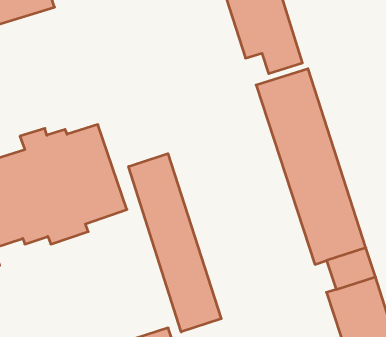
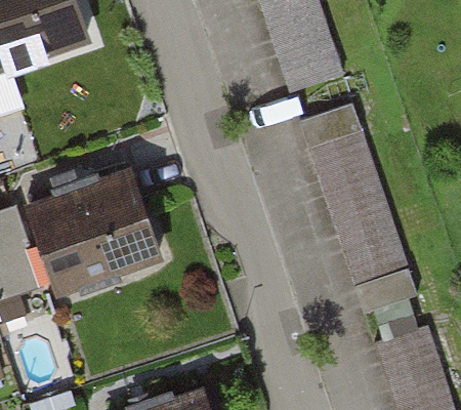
building: [129,154,221,332] -> none

